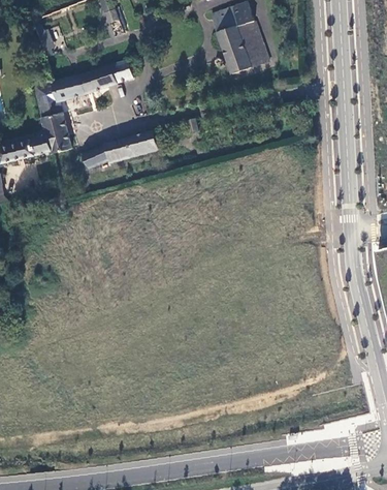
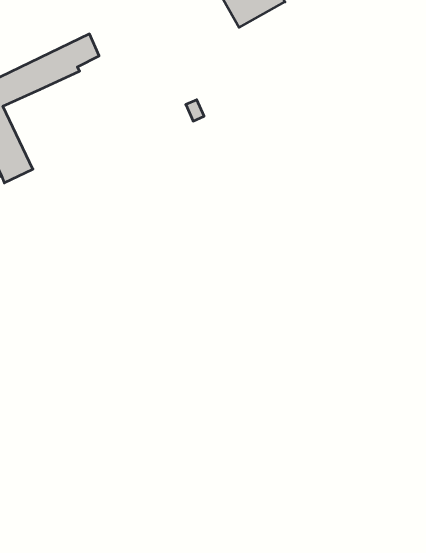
building: [82,132,158,169] -> none

